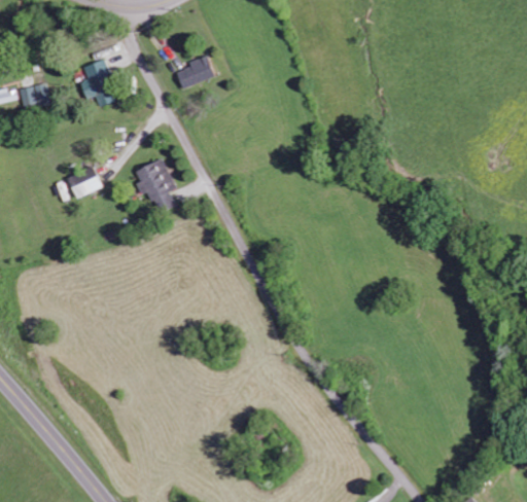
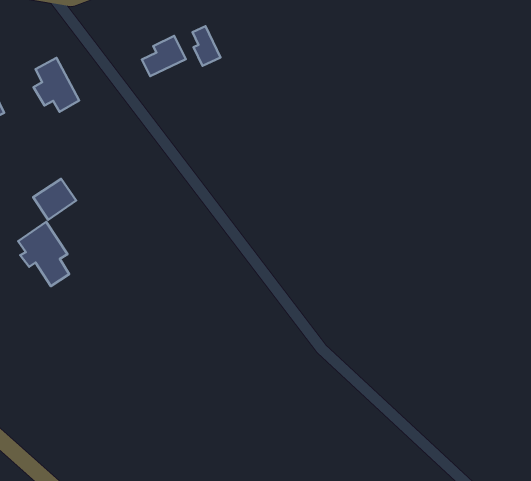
building: none -> [192,26,221,66]
building: [135,157,176,214] -> [18,222,69,286]

